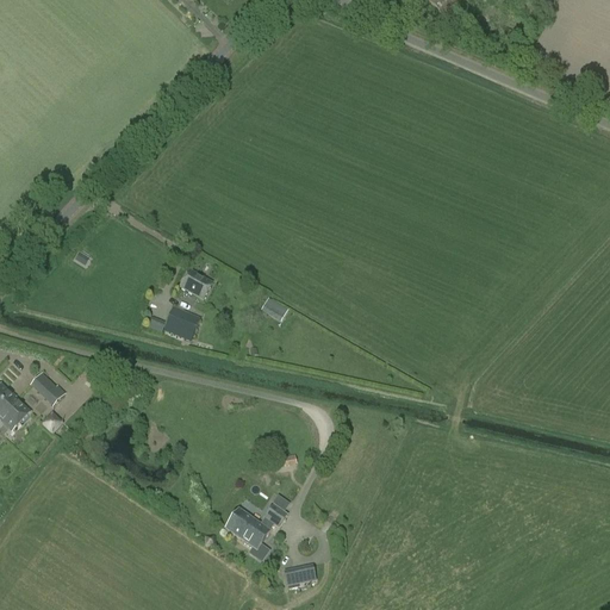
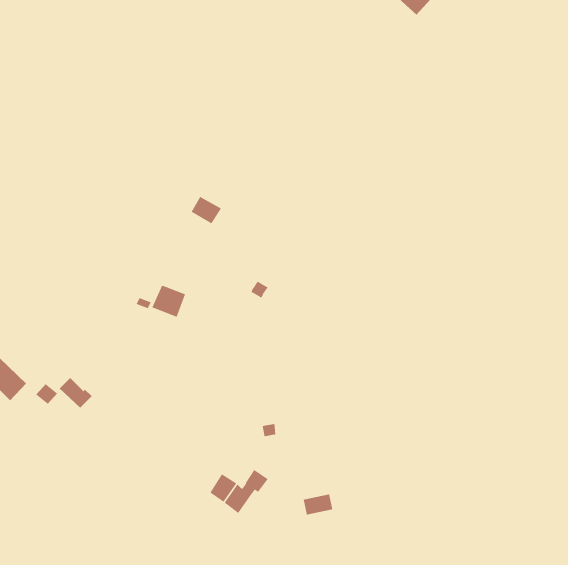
building: [178,268,211,298] -> [191,196,222,224]
building: [29,371,64,404] -> [59,377,92,408]
building: [282,562,315,585] -> [303,494,333,515]

